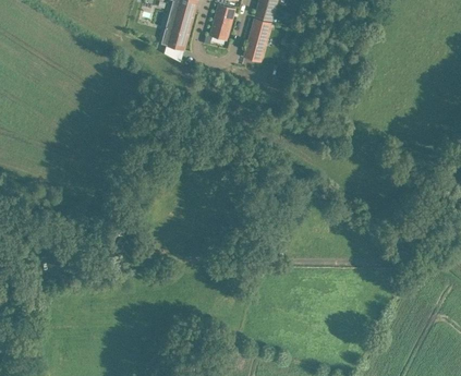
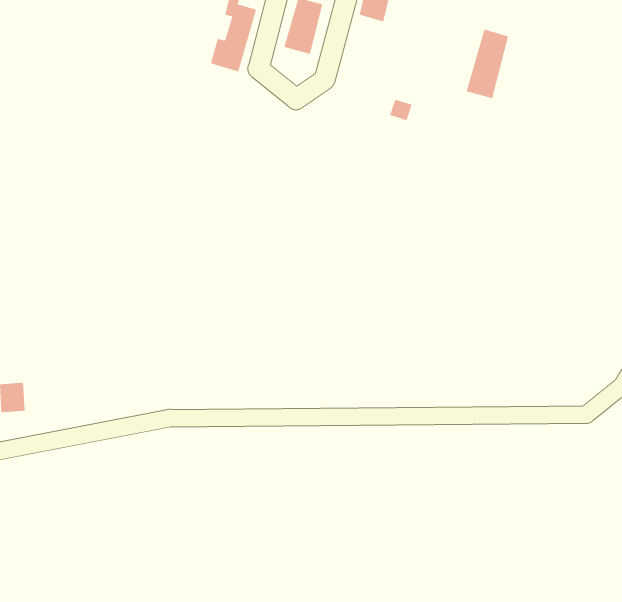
building: [243,17,269,60] -> [466,29,509,99]

